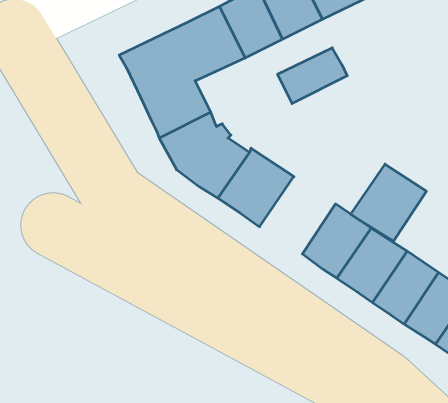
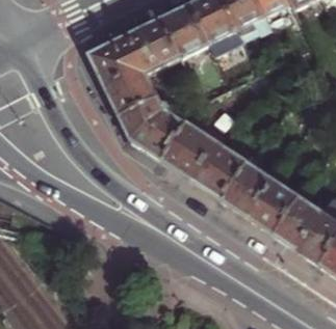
building: [278,48,347,104] -> none
building: [351,164,426,241] -> [192,142,248,198]

